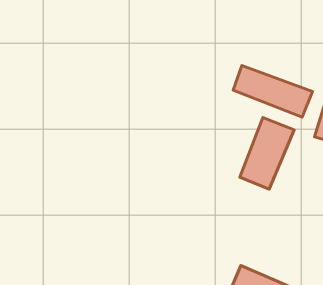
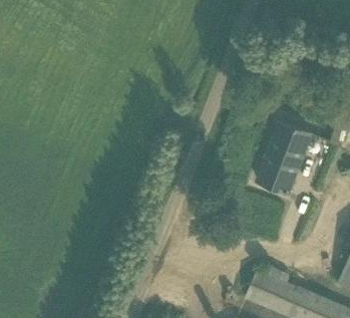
building: [233,66,312,117] -> none

